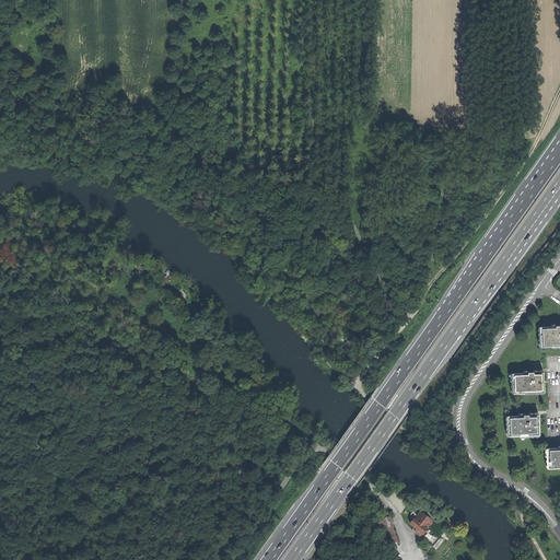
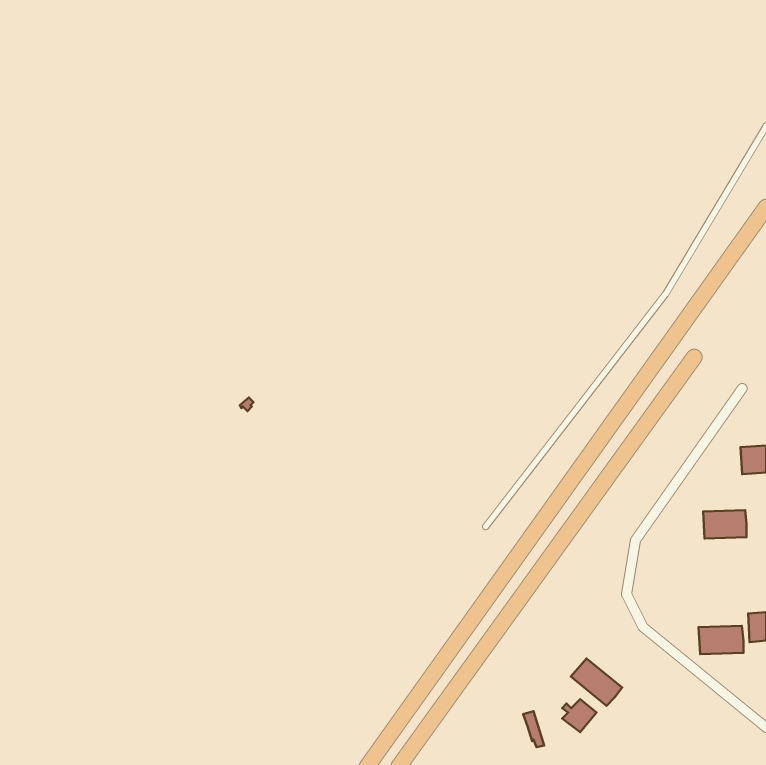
building: [505,416,538,436] -> [699,626,743,654]
building: none -> [571,658,622,706]

